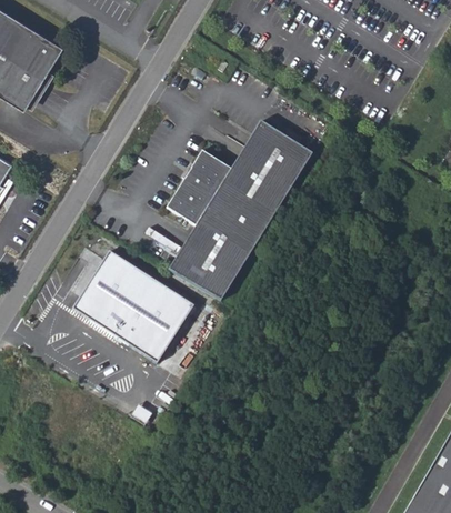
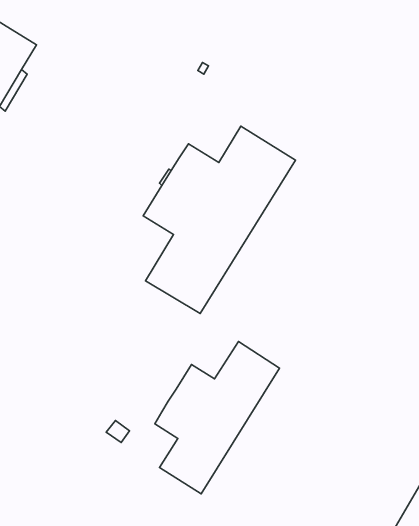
building: [73,251,186,356] -> none
building: none -> [155,341,279,494]

